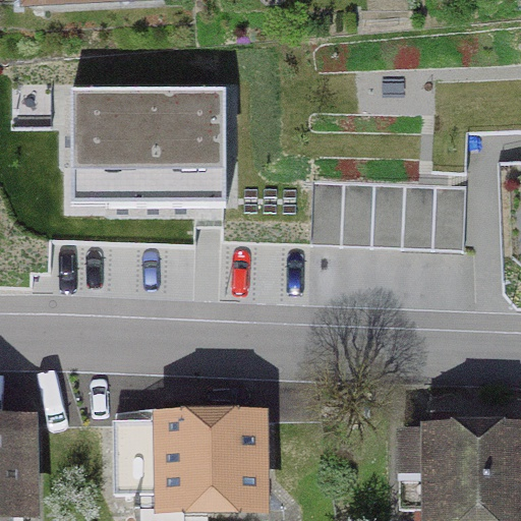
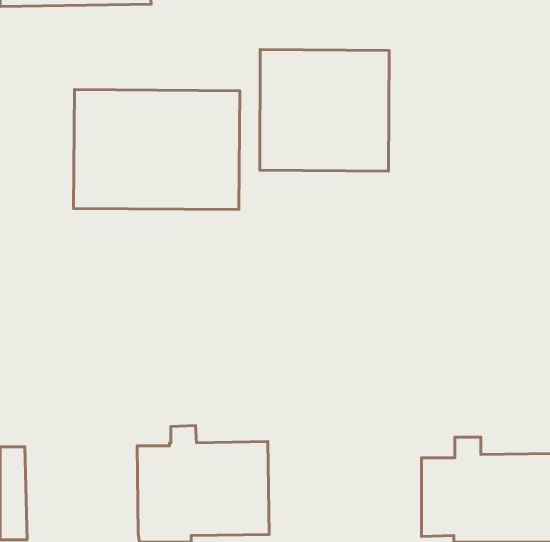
building: none -> [260,50,389,171]

